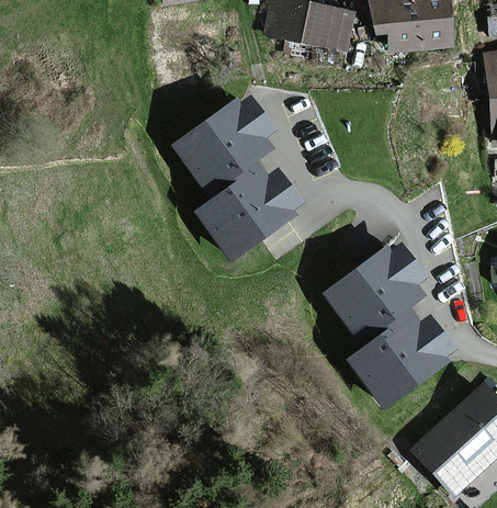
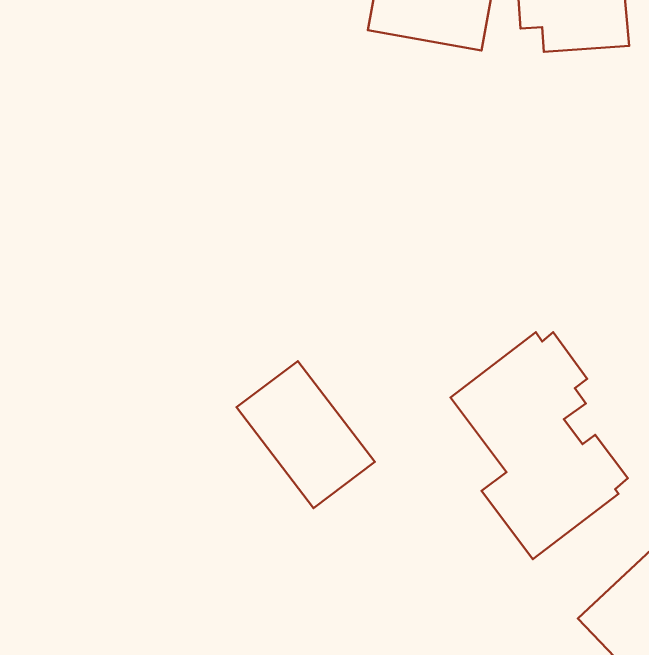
building: [172,100,297,260] -> none
building: none -> [236,361,375,508]

